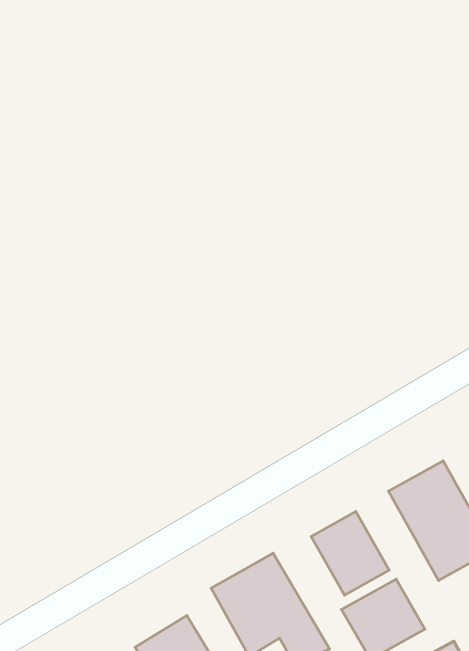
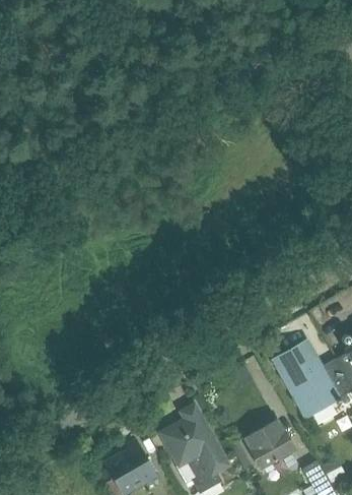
building: [311,512,389,595] -> none

